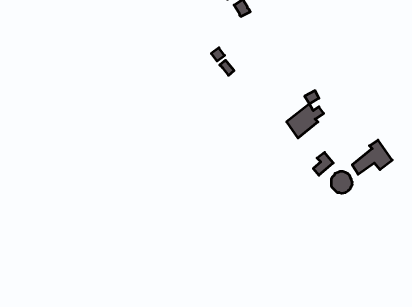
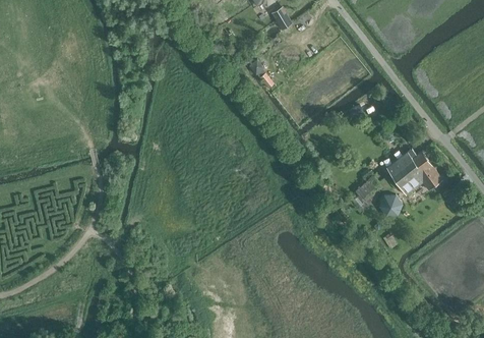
building: [287,104,324,138] -> [386,148,426,184]

